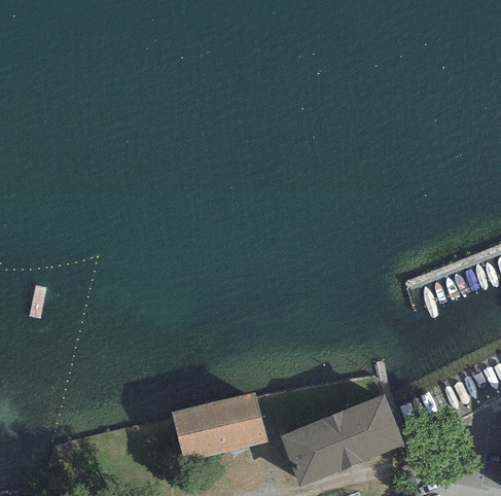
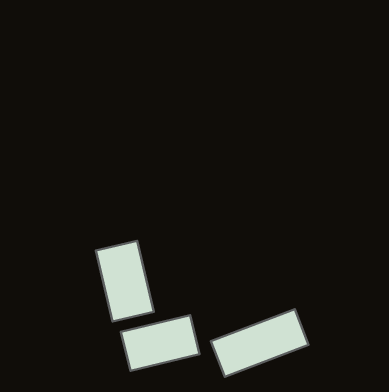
building: none -> [96,241,154,321]

